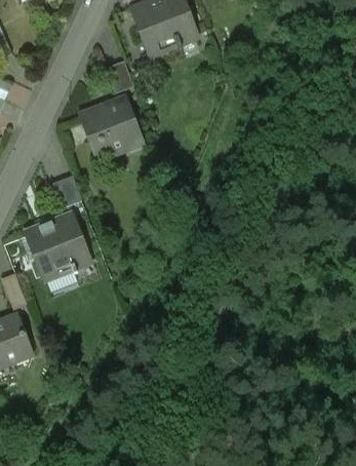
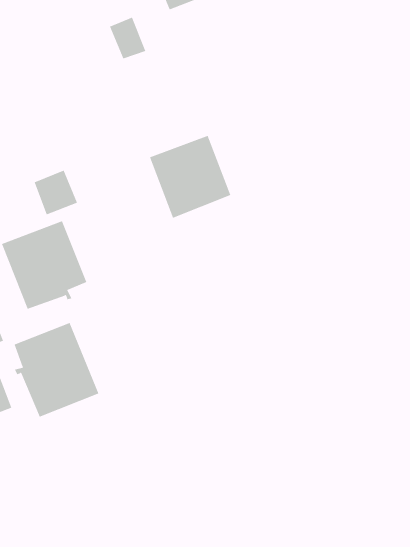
building: [80,95,142,158] -> [149,135,231,219]
building: none -> [14,322,99,417]

